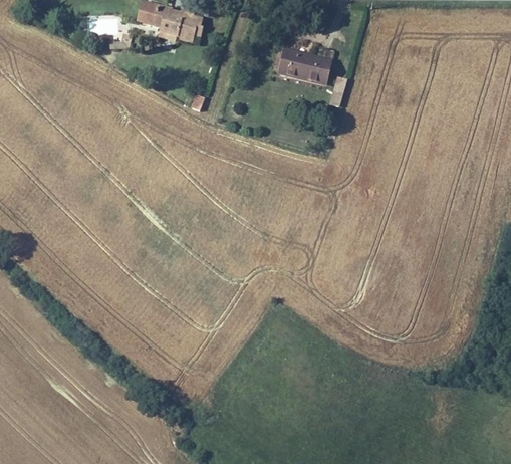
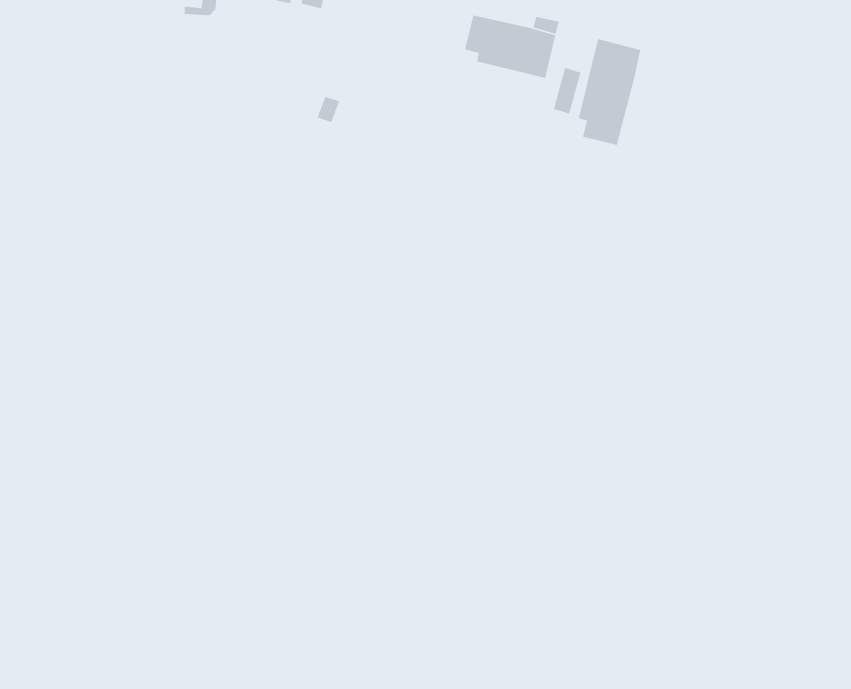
building: none -> [578,38,641,146]

